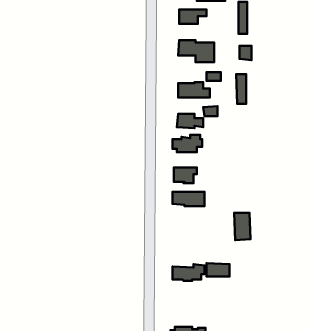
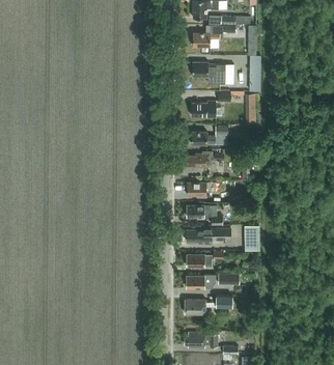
building: none -> [186,228,230,244]
building: none -> [186,252,223,269]
building: none -> [185,294,232,314]

